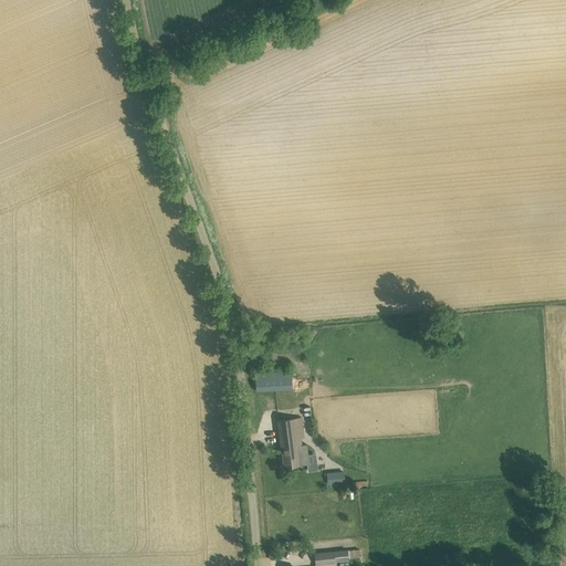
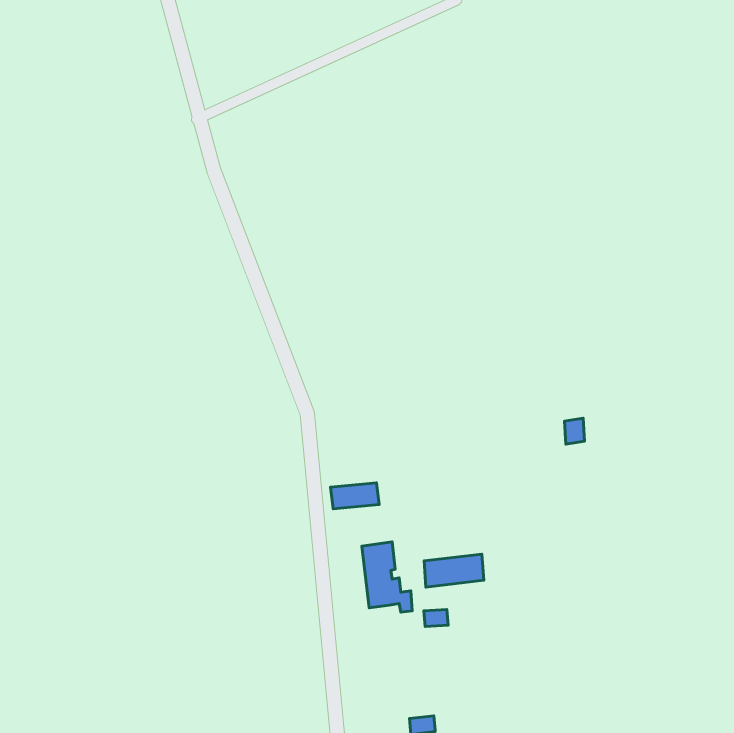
building: none -> [424,554,484,587]

